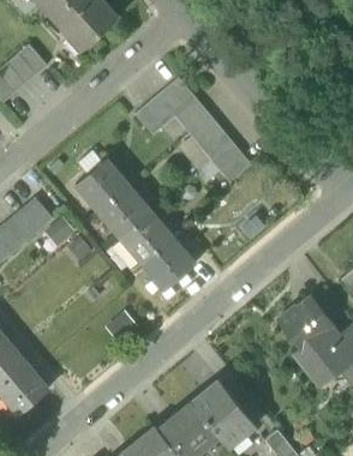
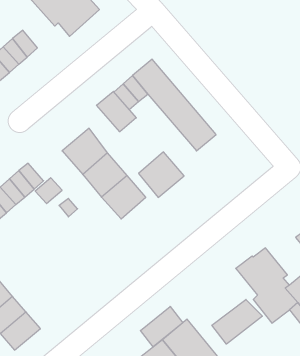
building: none -> [97,91,136,132]
building: [143,238,196,290] -> [139,152,184,197]
building: none -> [212,299,262,344]
building: none -> [140,306,183,347]

